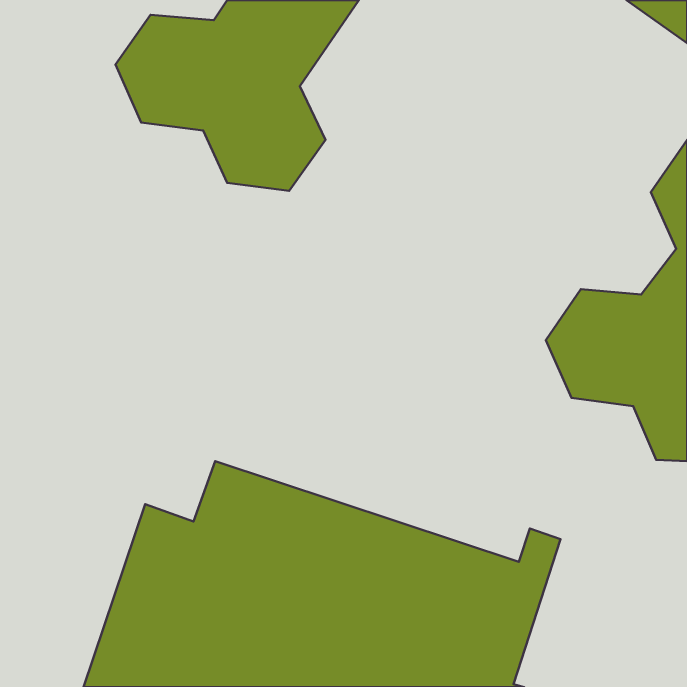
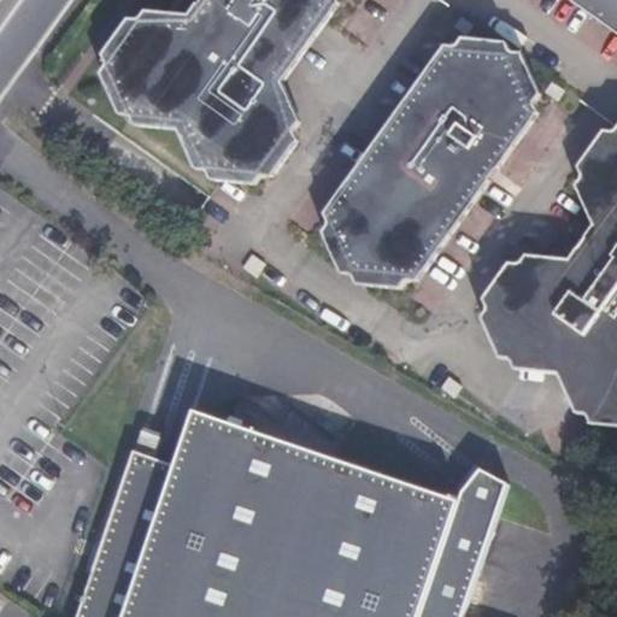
building: none -> [327,42,531,275]

